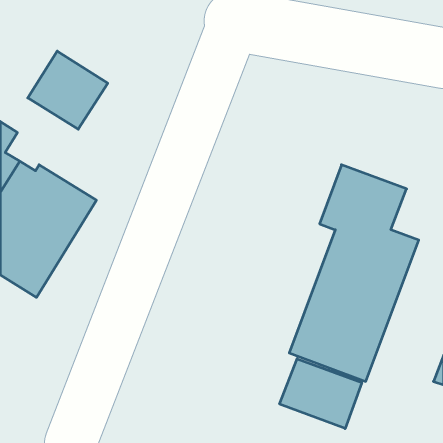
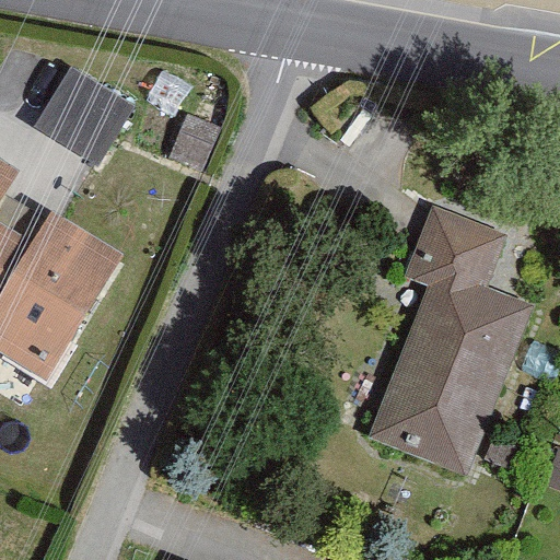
building: [280,359,362,429] -> none

